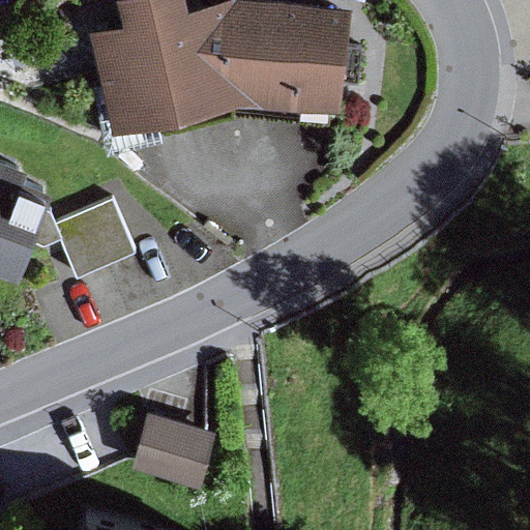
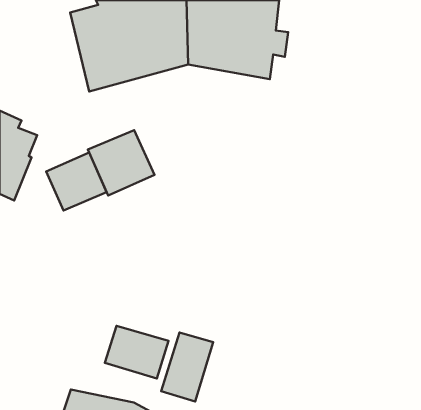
building: none -> [88,130,154,195]
building: none -> [161,332,213,401]

